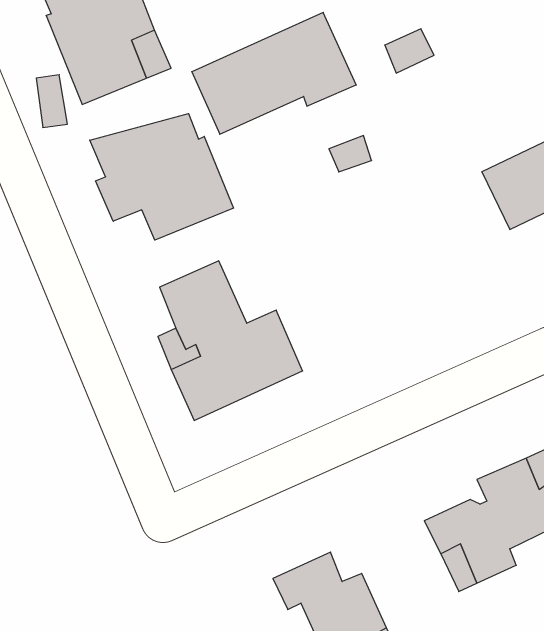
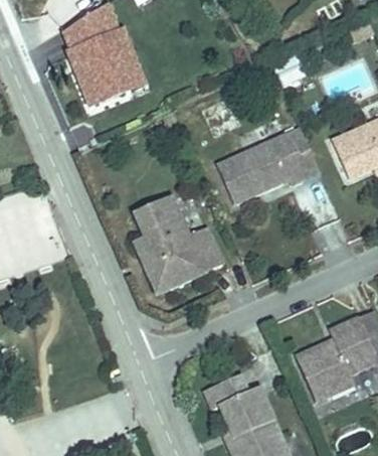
building: [192,12,356,134] -> [218,129,319,203]
building: [90,114,233,240] -> none

